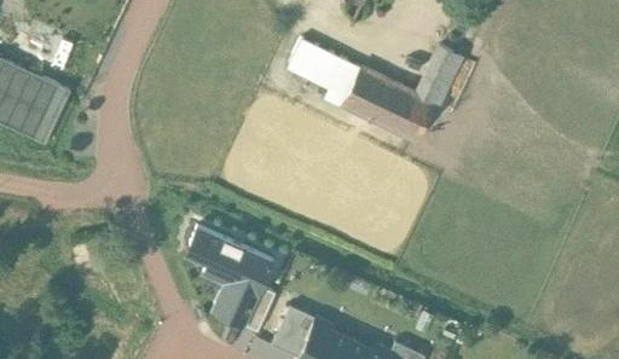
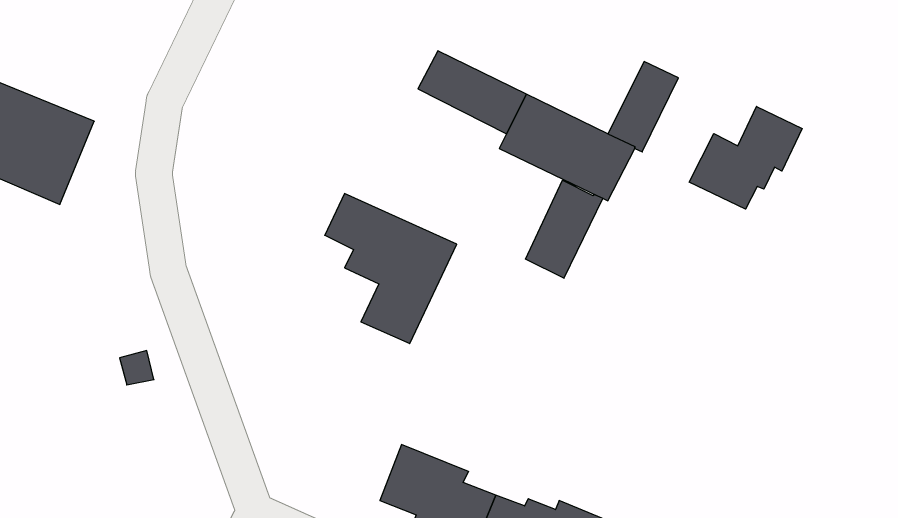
building: none -> [689,106,802,209]
building: none -> [525,180,603,278]
building: [187,227,276,328] -> [325,194,457,344]

